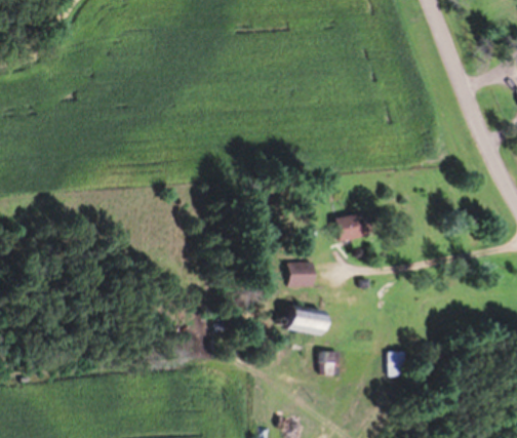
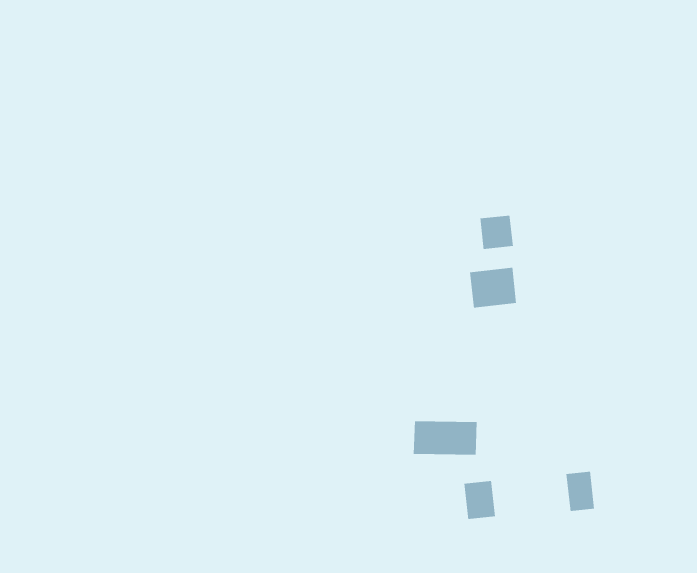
building: none -> [480,215,513,250]
building: [287,262,315,287] -> none

